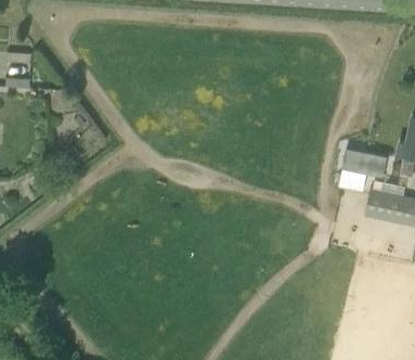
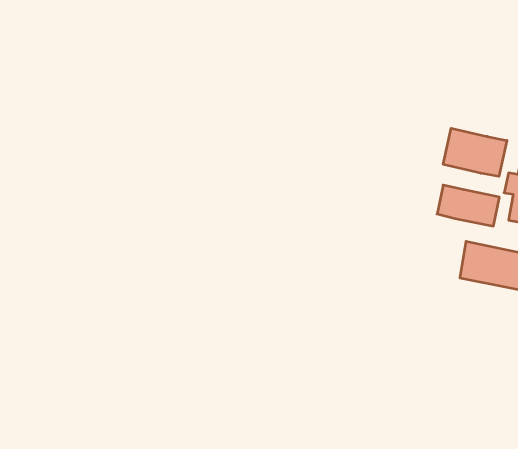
building: none -> [443,128,507,176]

